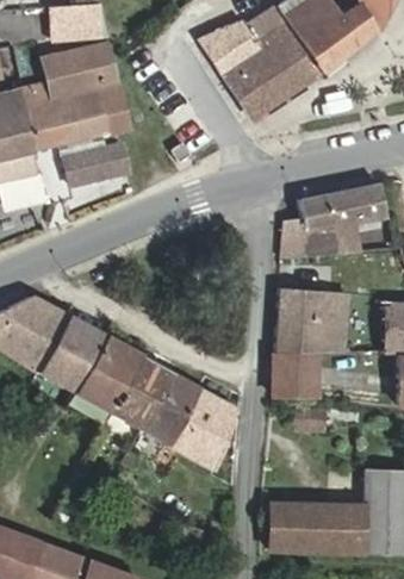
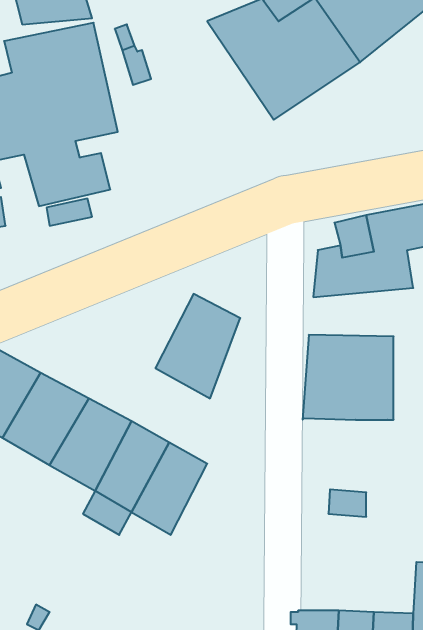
building: [275,353,318,397] -> none
building: [172,388,238,471] -> [155,294,240,398]

